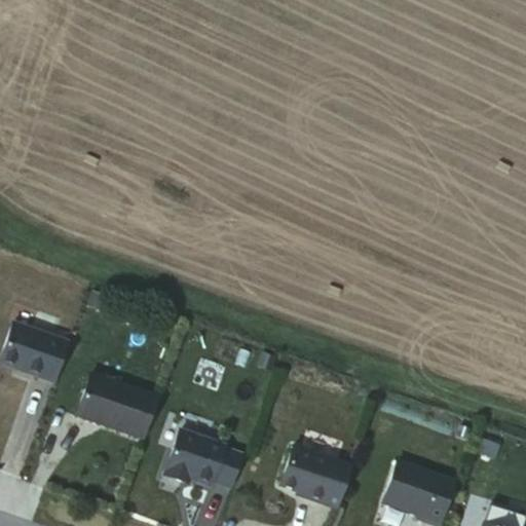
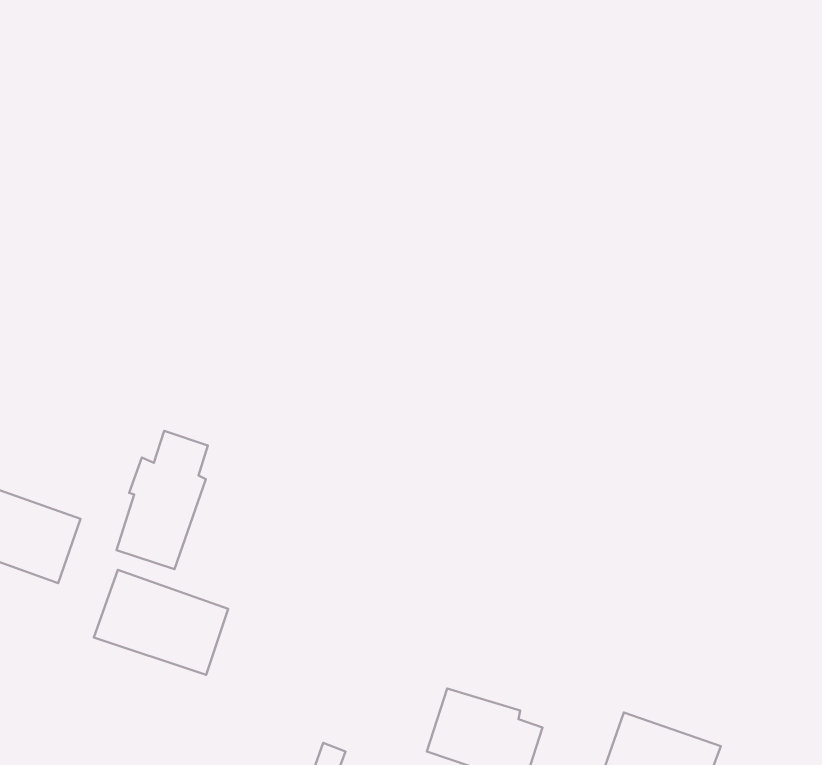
building: none -> [116,431,208,569]
building: [165,429,226,485] -> none

